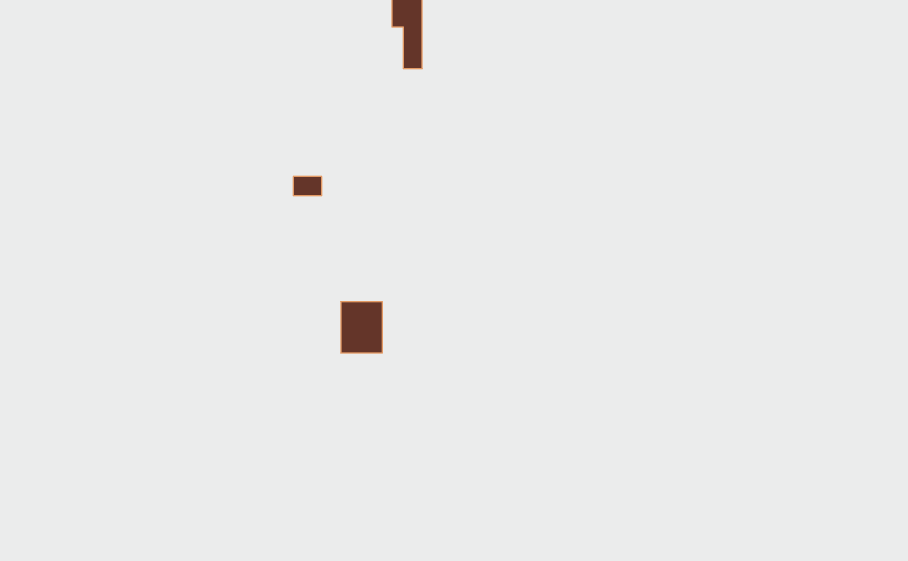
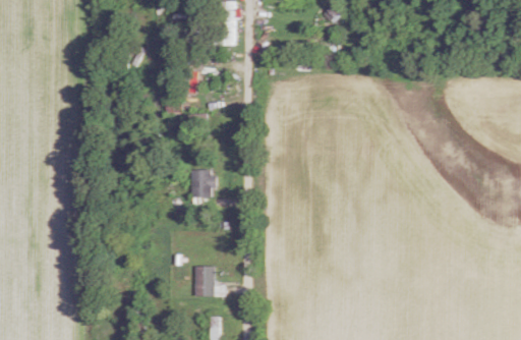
building: none -> [194,266,214,295]

